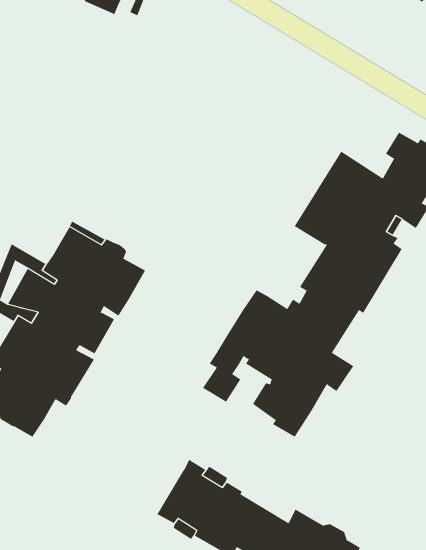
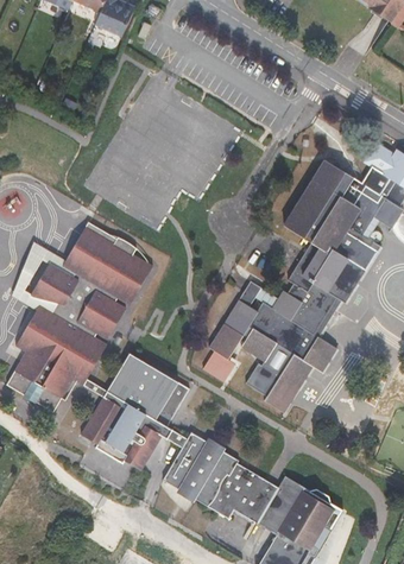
building: none -> [80,351,189,470]

